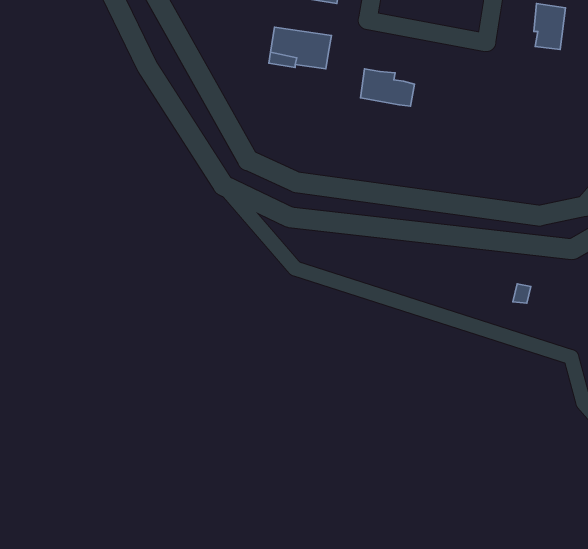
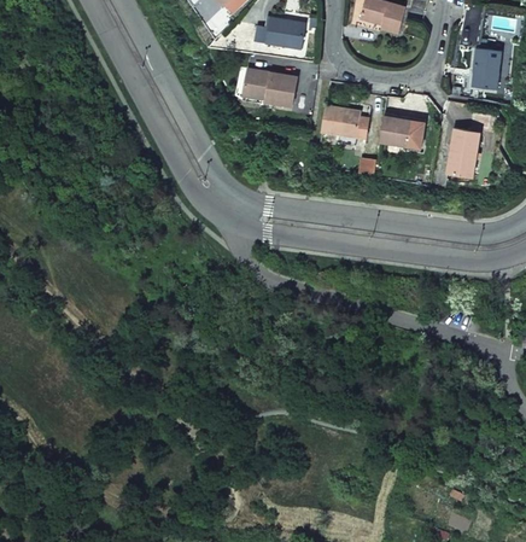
building: none -> [380,112,425,147]
building: none -> [445,127,478,174]

